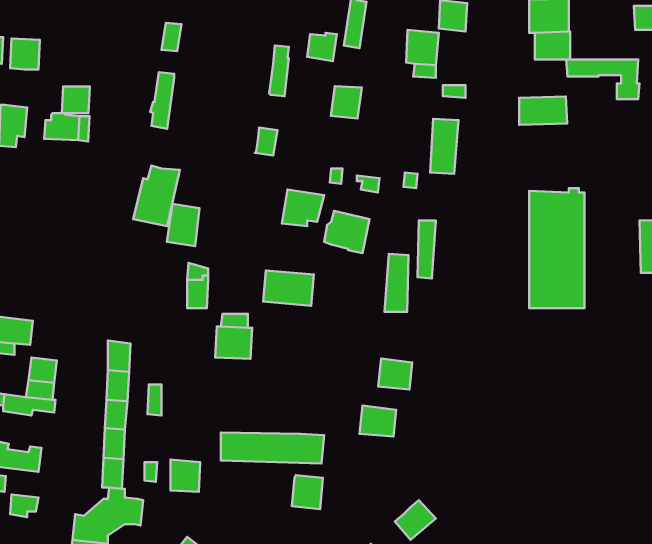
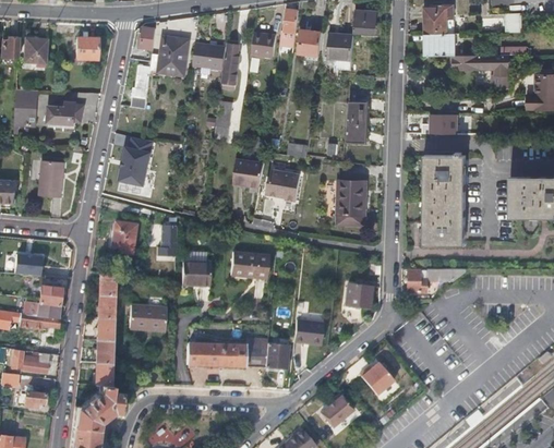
building: none -> [150,35,191,71]
building: none -> [194,41,226,68]
building: [331,86,362,119] -> [299,29,323,55]
building: [62,86,90,113] -> [76,37,98,58]
building: [519,97,567,125] -> [432,113,469,135]
building: none -> [40,161,65,197]
building: [167,204,199,246] -> [112,219,137,252]
building: [385,254,409,312] -> [349,179,368,223]
building: [263,270,314,306] -> [230,251,269,278]
building: none -> [406,268,432,291]
building: [378,358,412,389] -> [345,282,371,306]
building: [170,459,200,492] -> [141,305,164,330]
building: none -> [361,366,397,401]
building: [292,475,323,509] -> [264,342,288,368]

